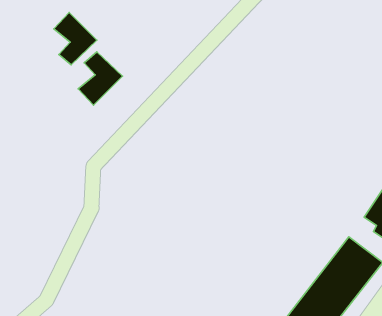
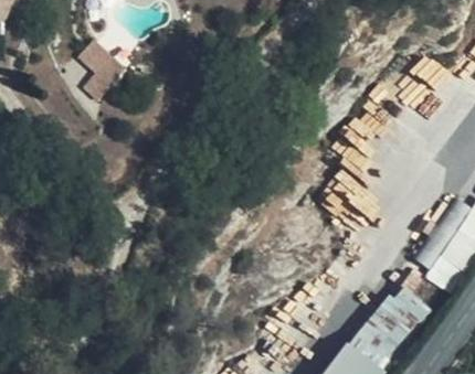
building: [78,52,122,105] -> none

